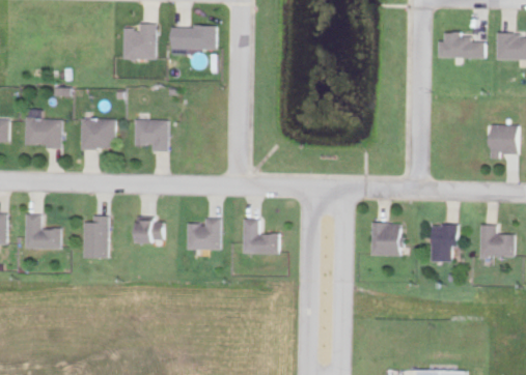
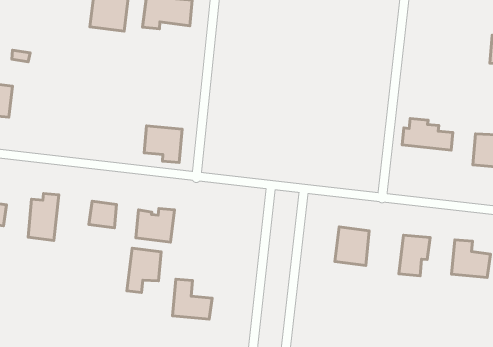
building: [438,32,483,58] -> [402,118,453,150]
building: [82,118,116,149] -> none
building: [136,120,169,151] -> [144,126,182,163]
building: [243,220,278,254] -> [173,279,212,319]
building: none -> [127,248,161,293]

